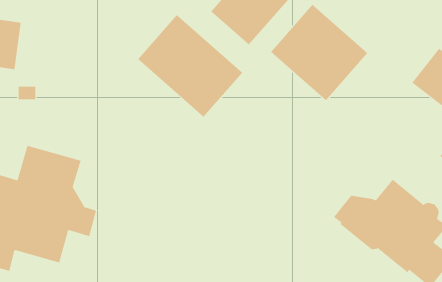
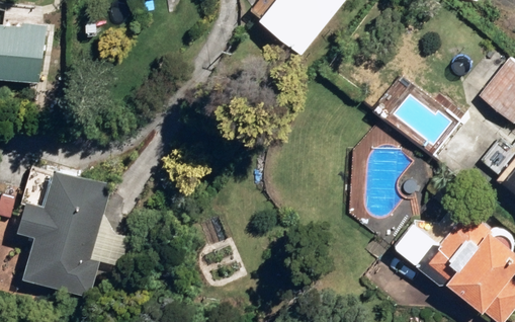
building: [270,4,368,101] -> none
building: [137,14,243,117] -> none

